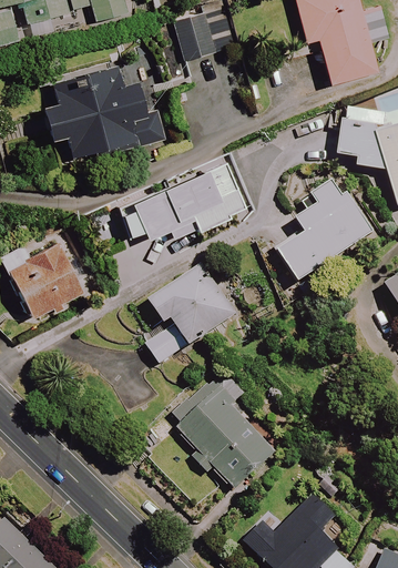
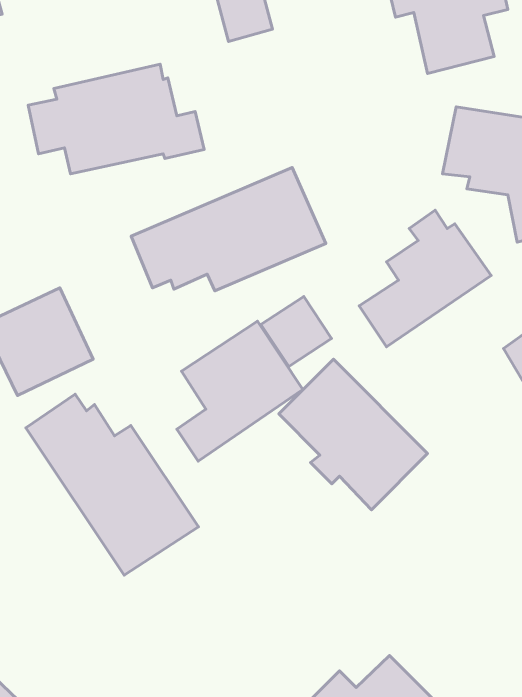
building: none -> [261,297,332,367]
building: none -> [26,394,198,575]
building: [169,381,277,490] -> [279,359,428,510]

